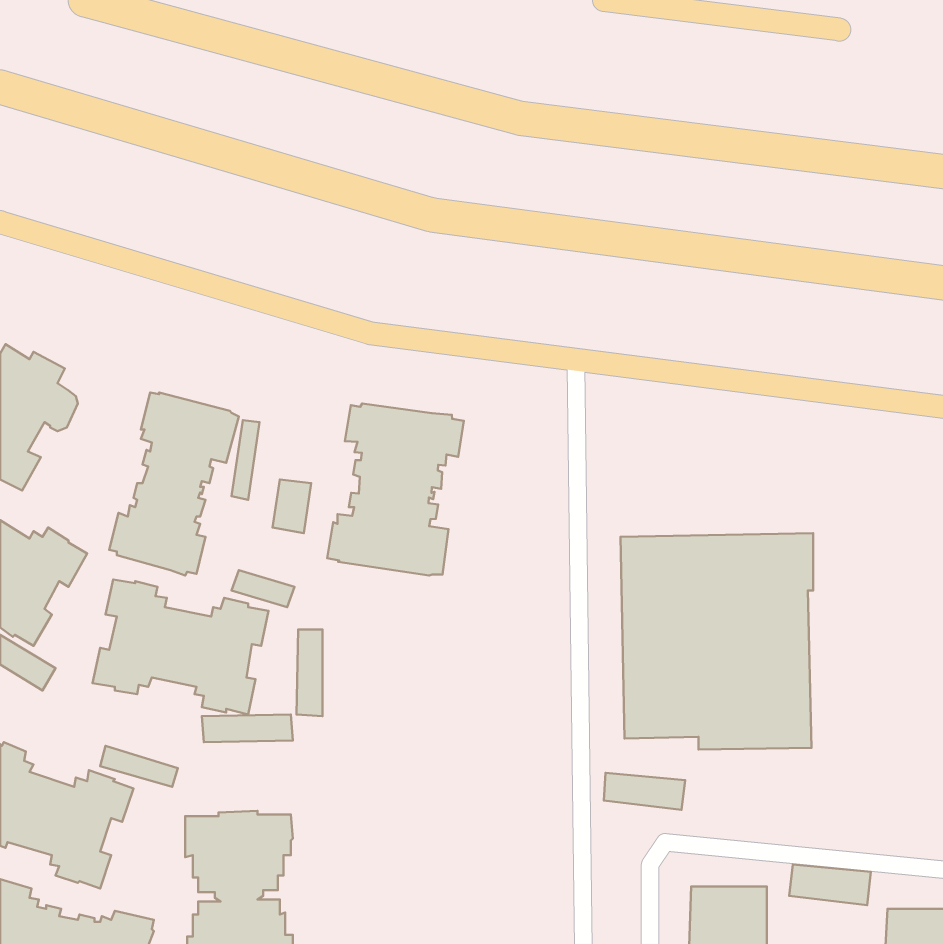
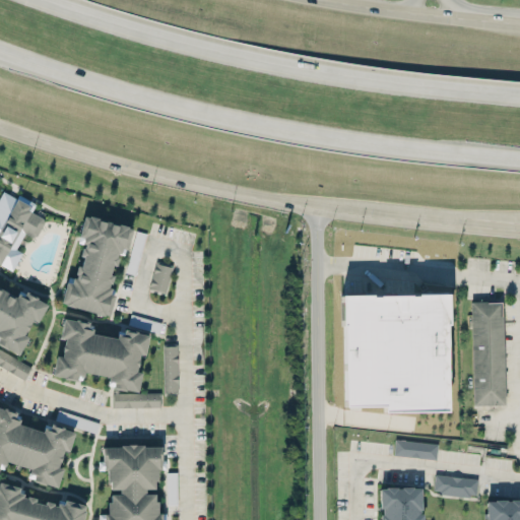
building: [327,404,464,575] -> none
building: none -> [472,303,506,405]
building: [604,773,685,810] -> [395,440,440,460]

